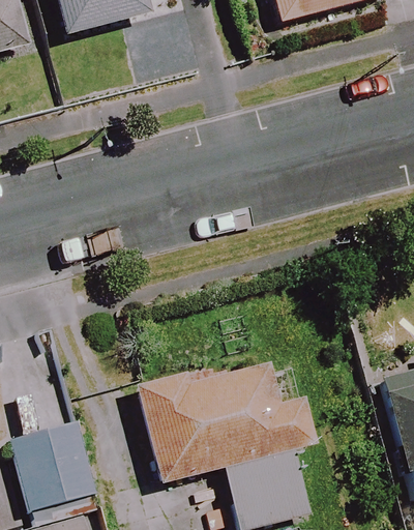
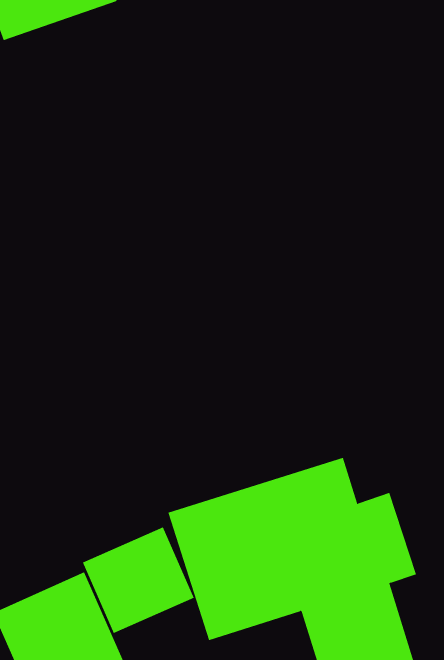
building: none -> [82,526,194,634]

